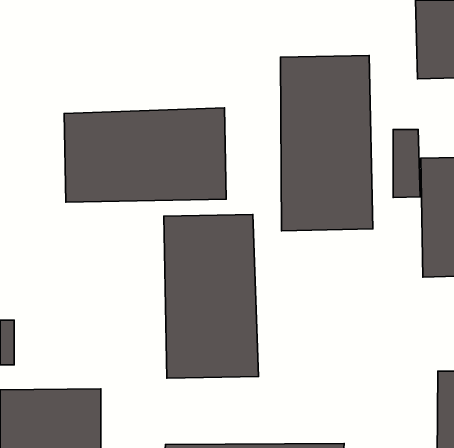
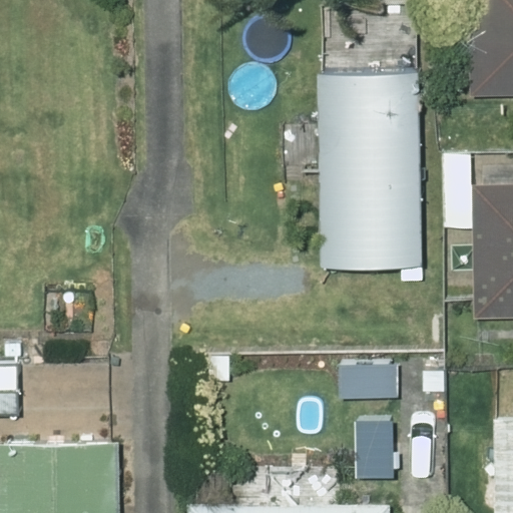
building: [64,108,226,202] -> none
building: [164,214,258,378] -> none

